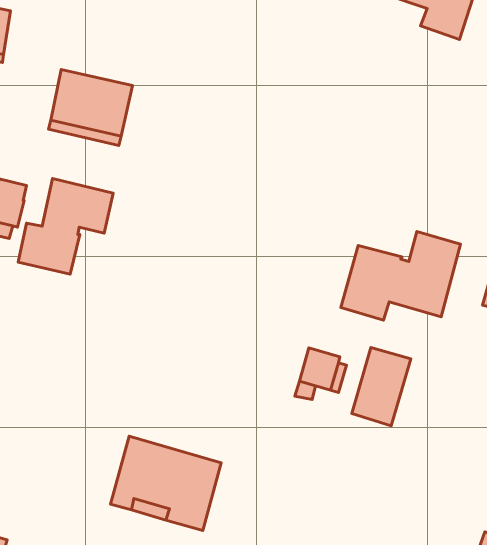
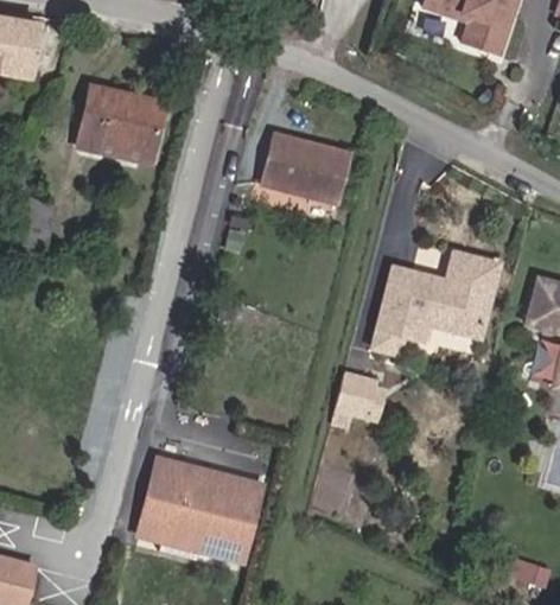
building: none -> [260,132,349,203]
building: [18,179,113,274] -> none
building: [352,347,411,426] -> none

